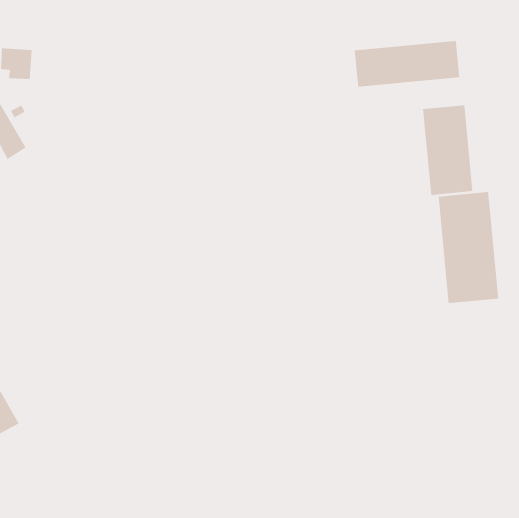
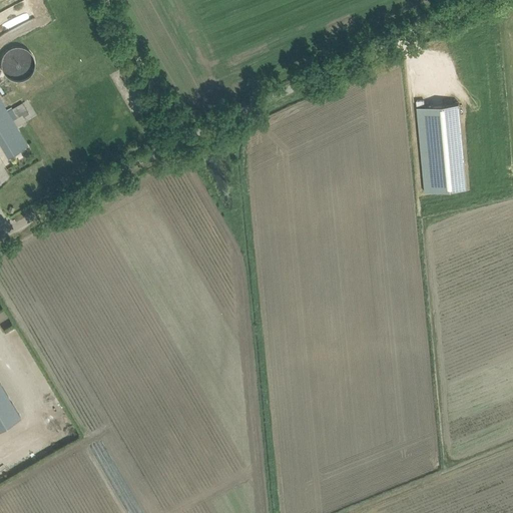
building: [354,40,460,87] -> none
building: [438,191,499,304] -> none

